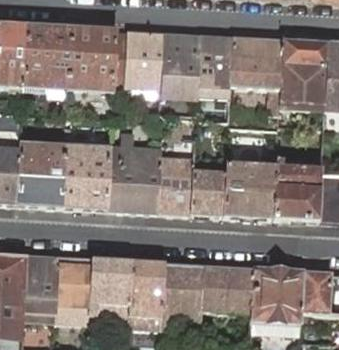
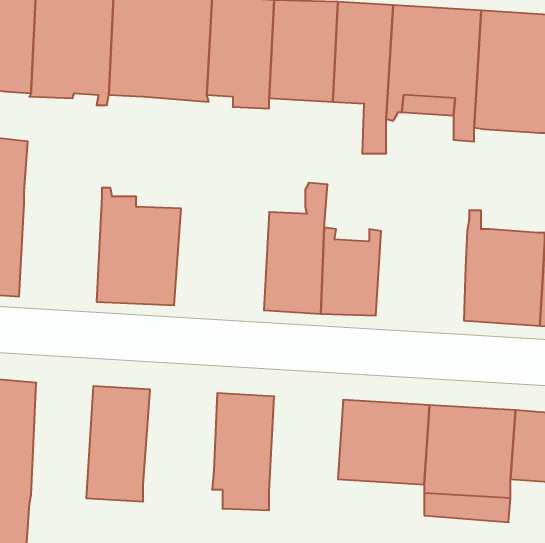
building: [105,127,161,214] -> none
building: [15,145,63,209] -> none
building: [222,165,275,220] -> none
building: [22,256,58,323] -> none
building: [87,260,130,318] -> none
building: [160,264,203,332] -> none

